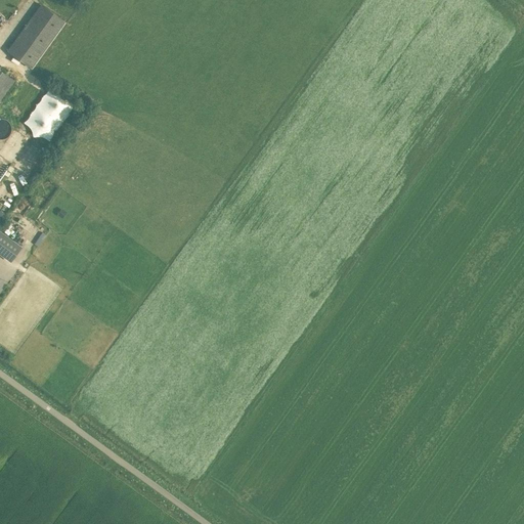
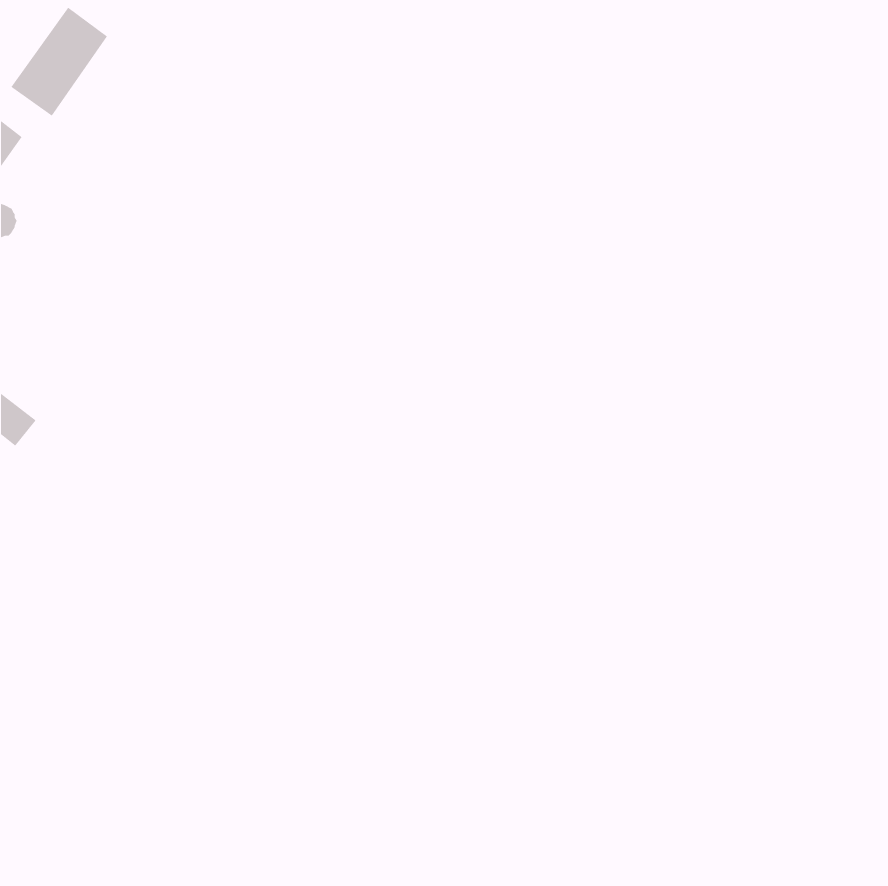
building: [24,87,72,141] -> none

